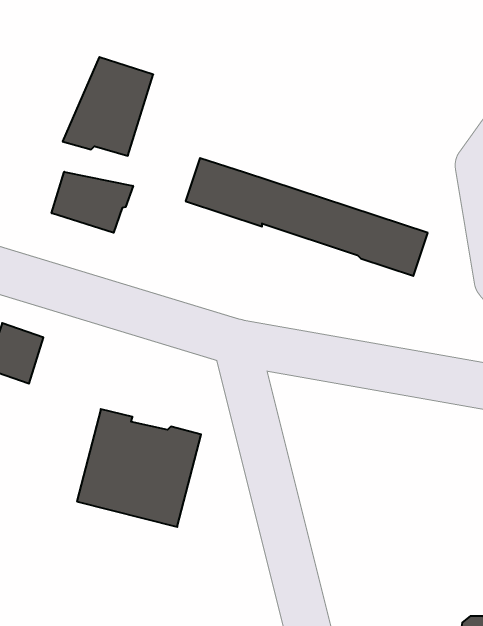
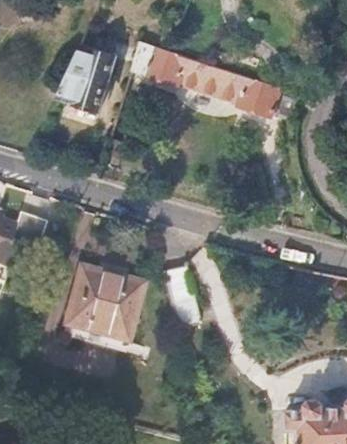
building: [186,158,428,276] -> [128,42,280,116]
building: [52,172,133,233] -> none

